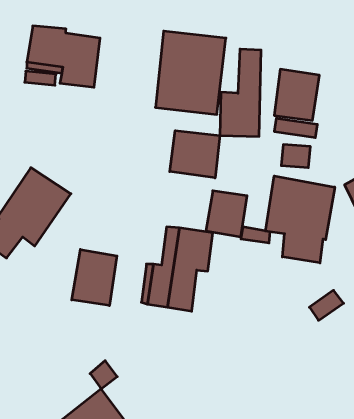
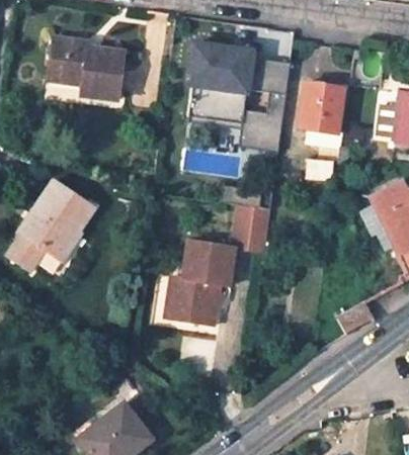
building: [170,131,220,178] -> none
building: [265,176,335,263] -> none
building: [72,249,117,306] -> none

